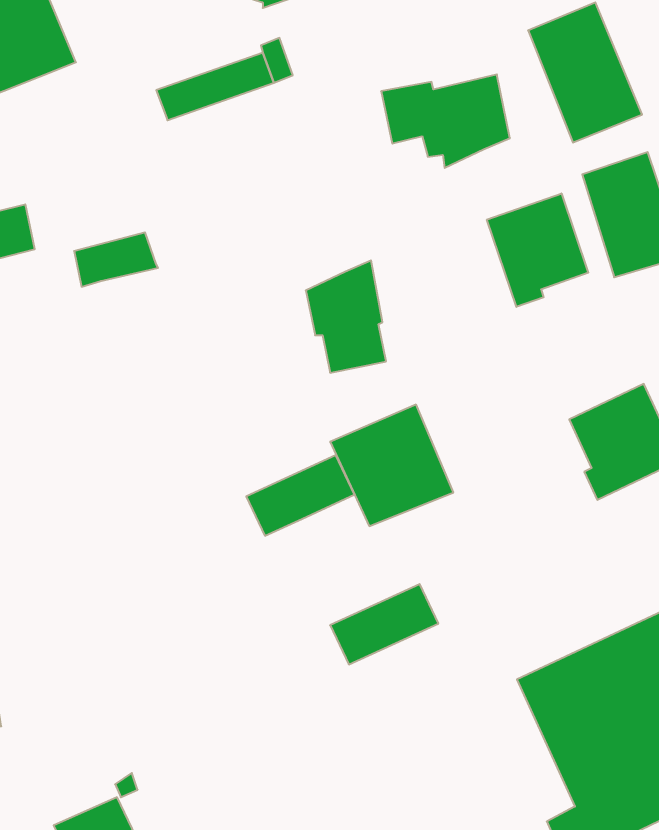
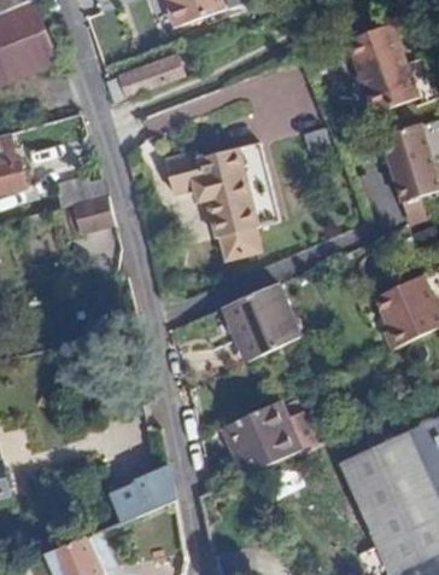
building: [381,74,510,168] -> [164,150,247,210]
building: [487,193,588,307] -> none
building: none -> [69,196,116,233]
building: [246,455,355,536] -> [233,425,303,477]
building: none -> [106,466,180,528]

